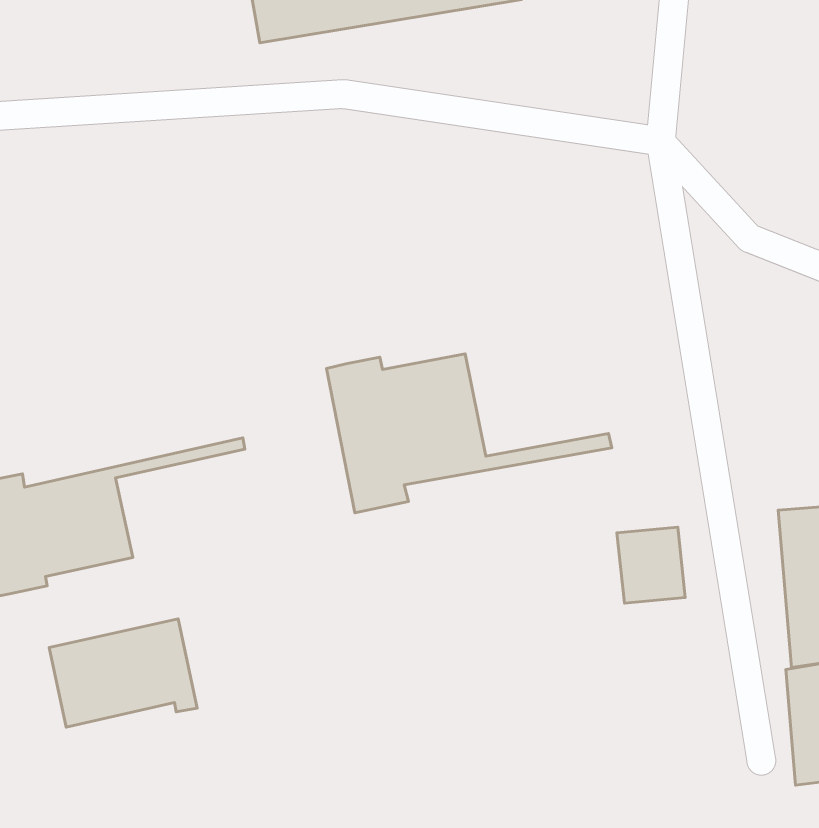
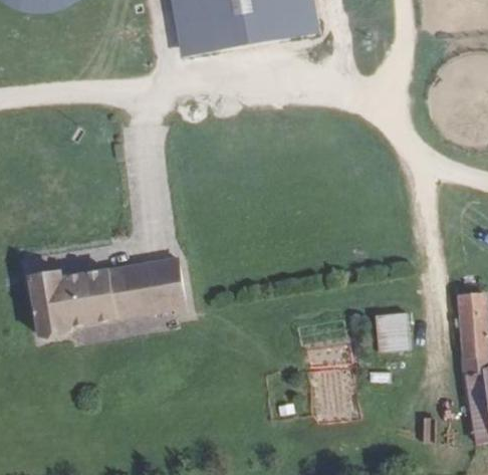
building: [326,354,612,513] -> none
building: [49,619,197,727] -> [107,262,186,319]

